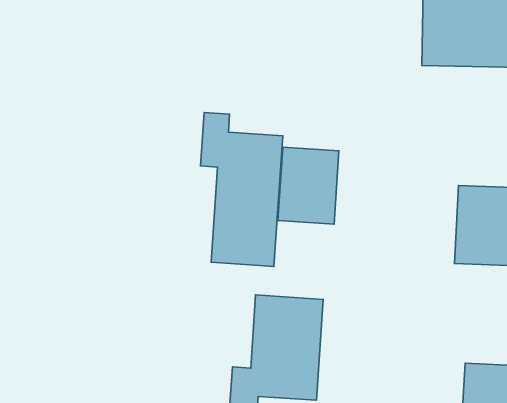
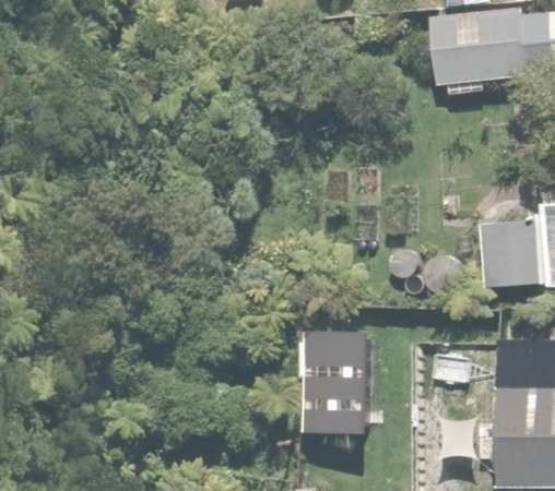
building: [201,112,283,266] -> none

